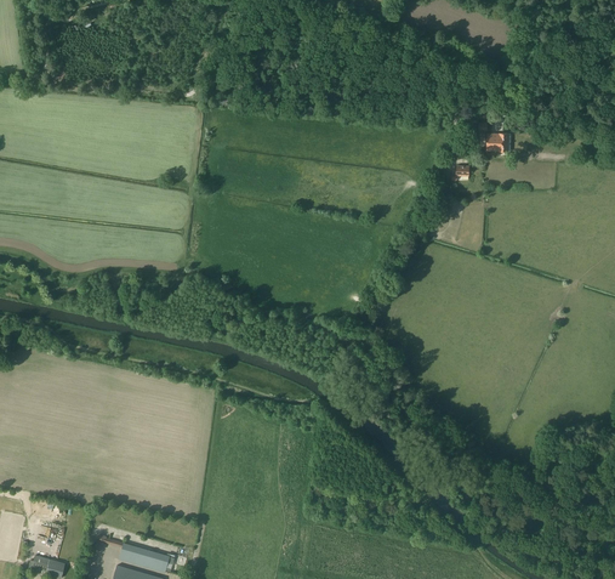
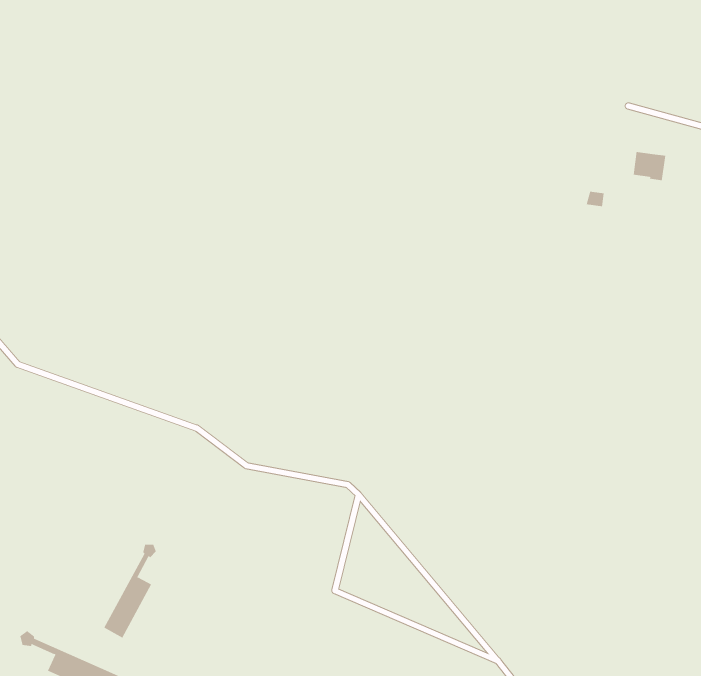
building: none -> [104,544,156,638]

